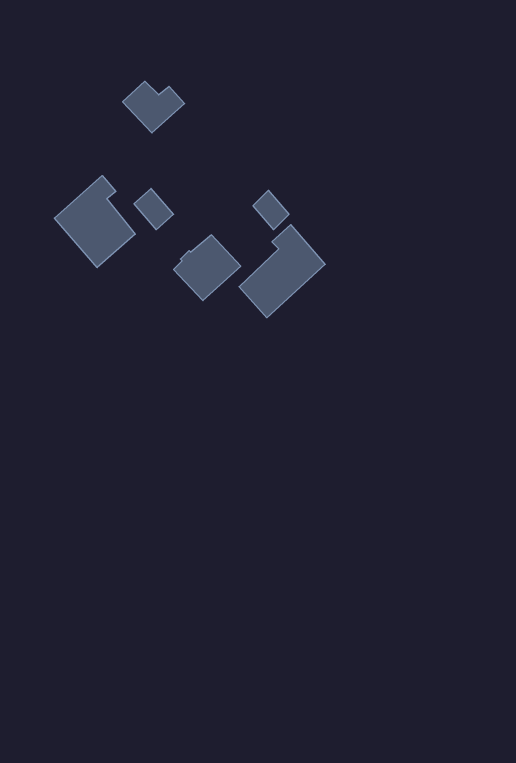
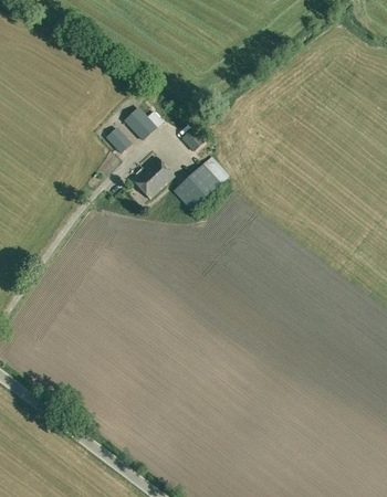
building: [123,81,185,133] -> [123,107,163,140]
building: [54,176,135,268] -> none

